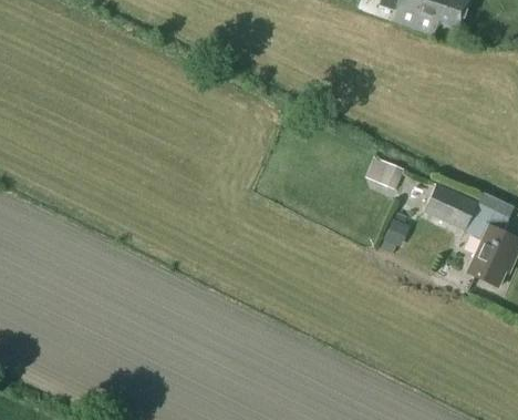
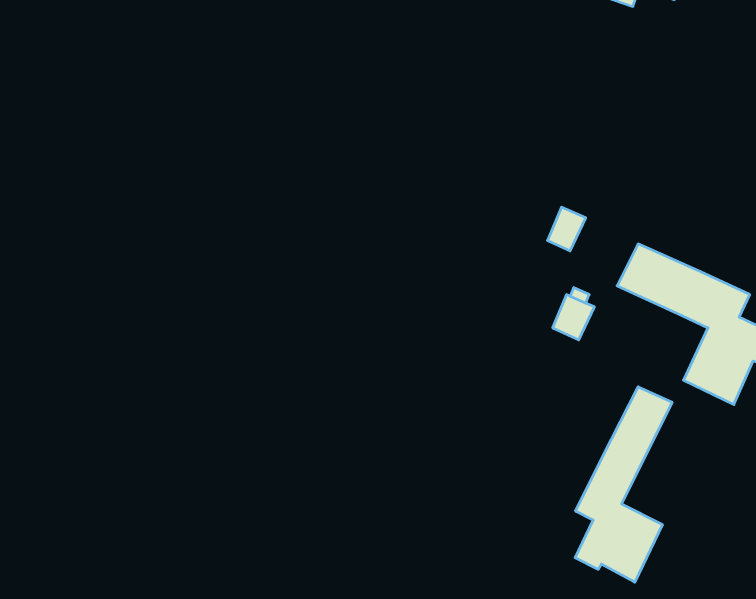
building: none -> [575,387,672,582]

